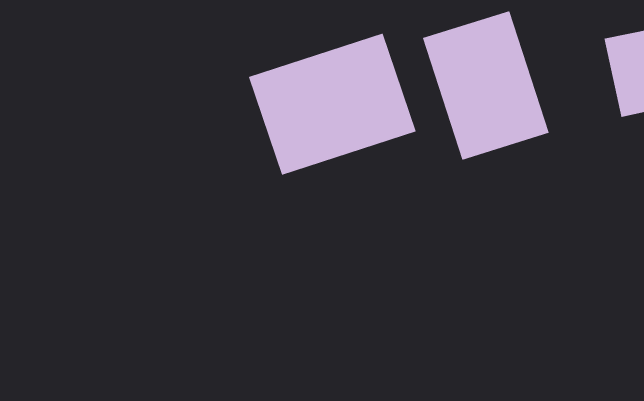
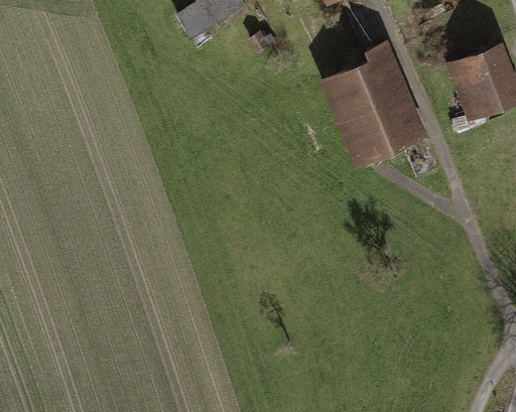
building: [248,33,417,176] -> none

